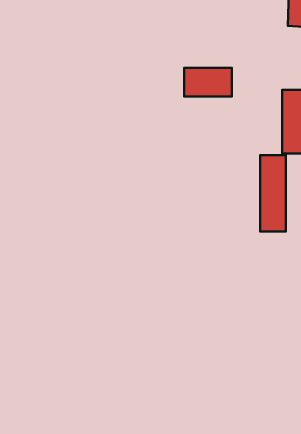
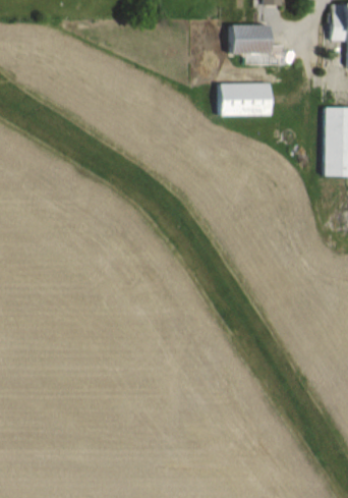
building: none -> [231,25,271,55]
building: [260,155,286,232] -> none

